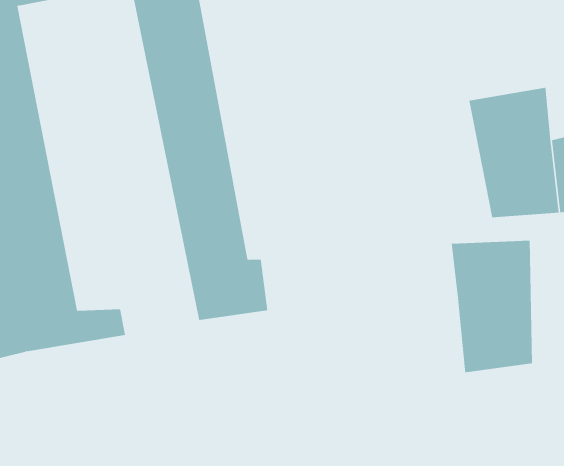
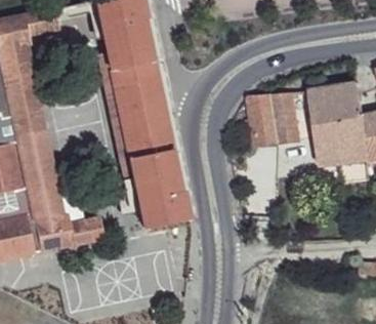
building: none -> [247,92,302,146]
building: [451,240,532,373] -> none

